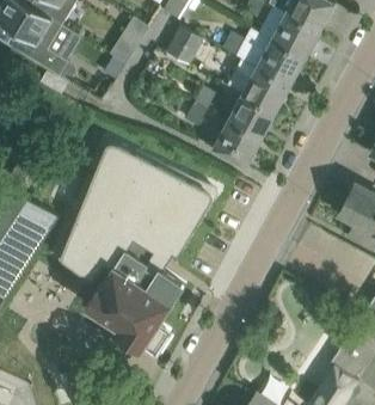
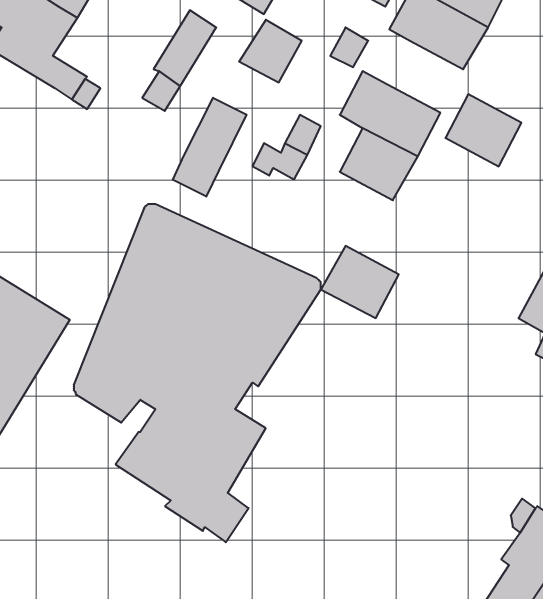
building: [257,38,305,84] -> [445,94,521,166]
building: none -> [173,98,246,197]
building: [211,121,260,166] -> [321,246,399,318]

